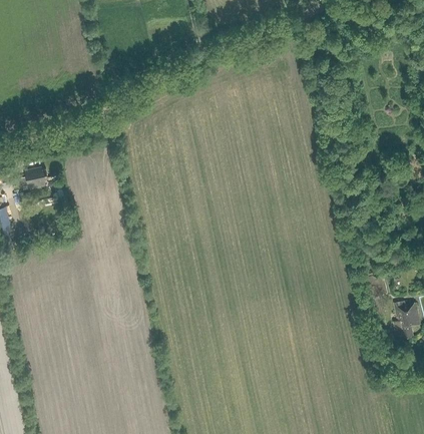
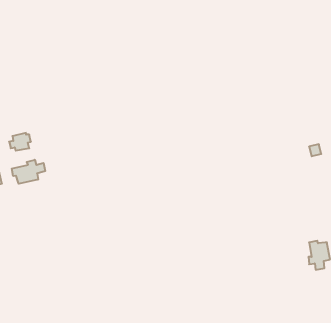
building: none -> [12,160,45,184]

